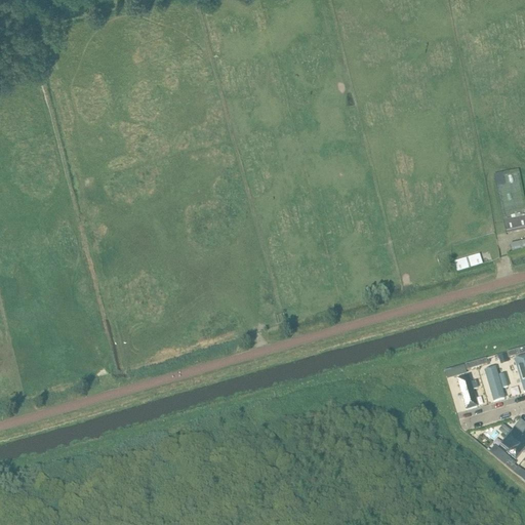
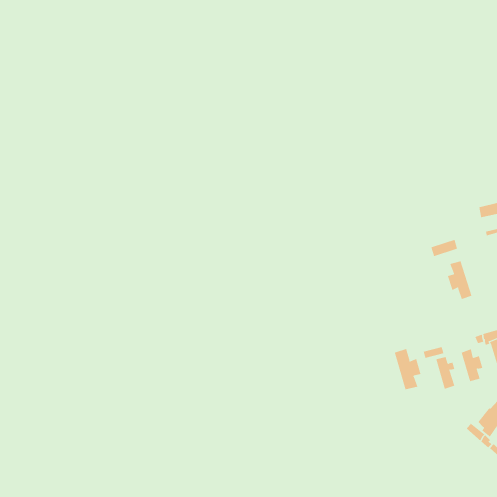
building: none -> [447,261,472,300]
building: none -> [394,348,421,390]

